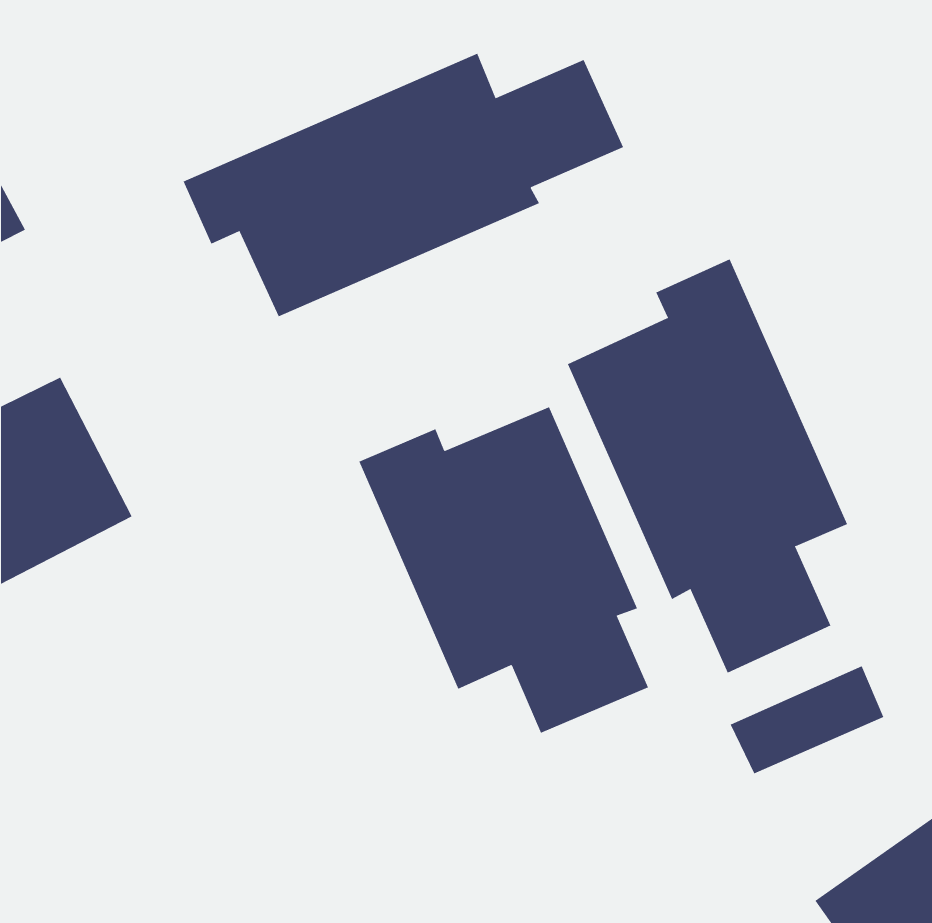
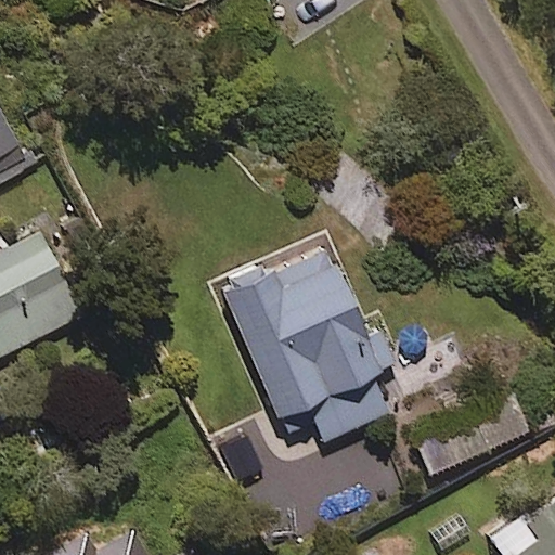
building: [183,53,624,317] -> none
building: [567,258,848,674] -> none

